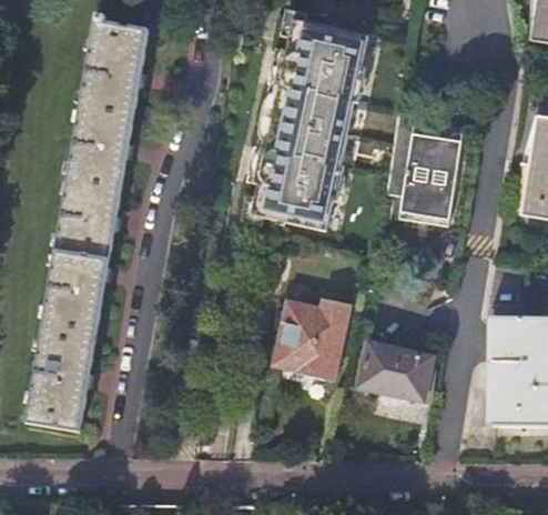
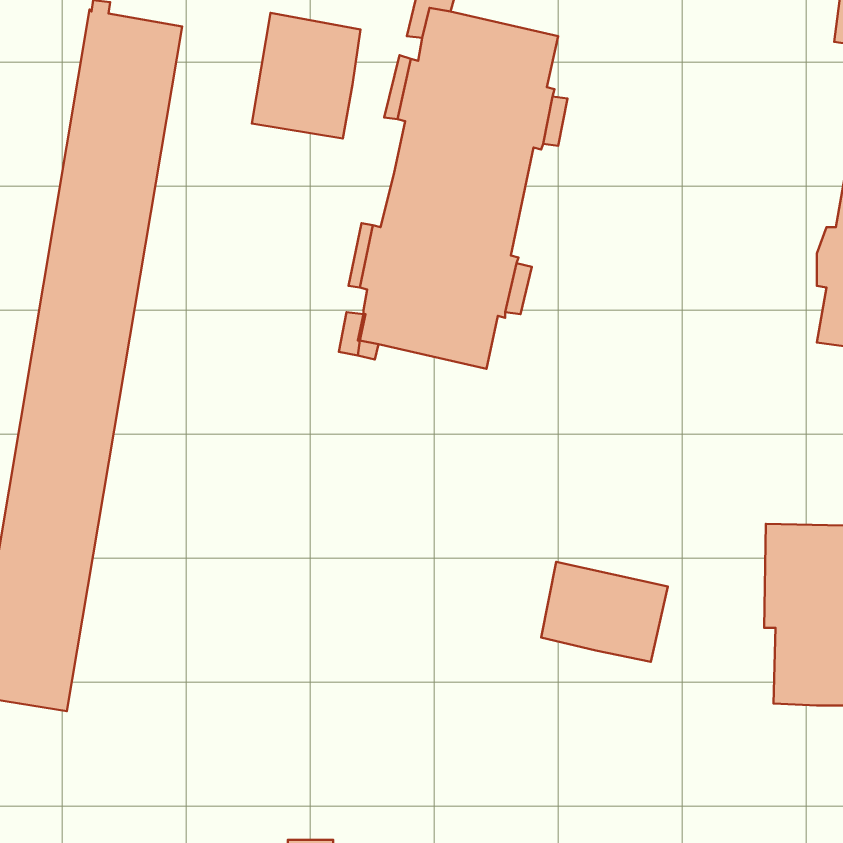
building: none -> [252,13,360,138]
building: [386,108,463,225] -> none
building: [276,297,352,381] -> none

